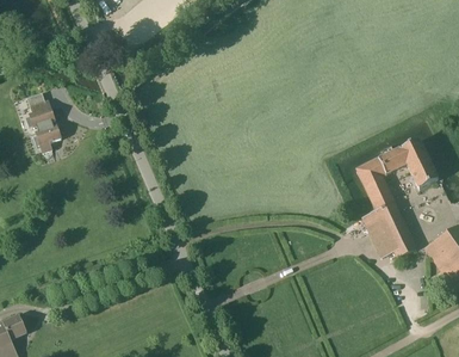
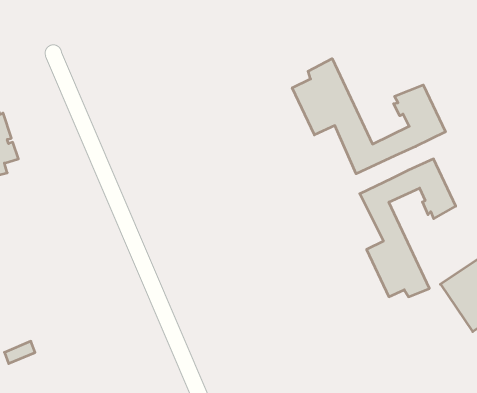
building: none -> [292,59,445,174]

